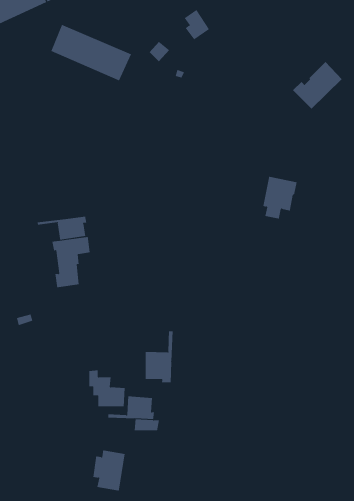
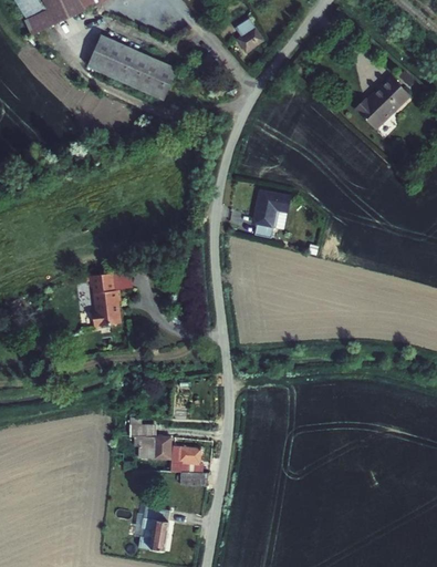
building: [262,176,298,219] -> [252,189,291,237]
building: [37,216,87,240] -> none
building: [145,330,173,383] -> none

